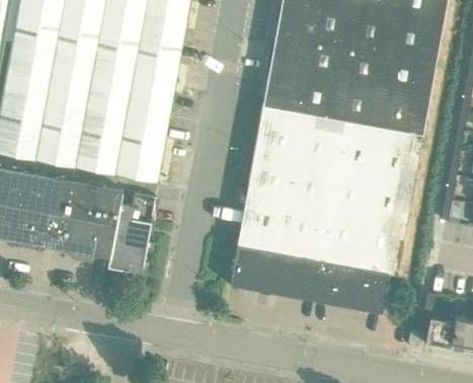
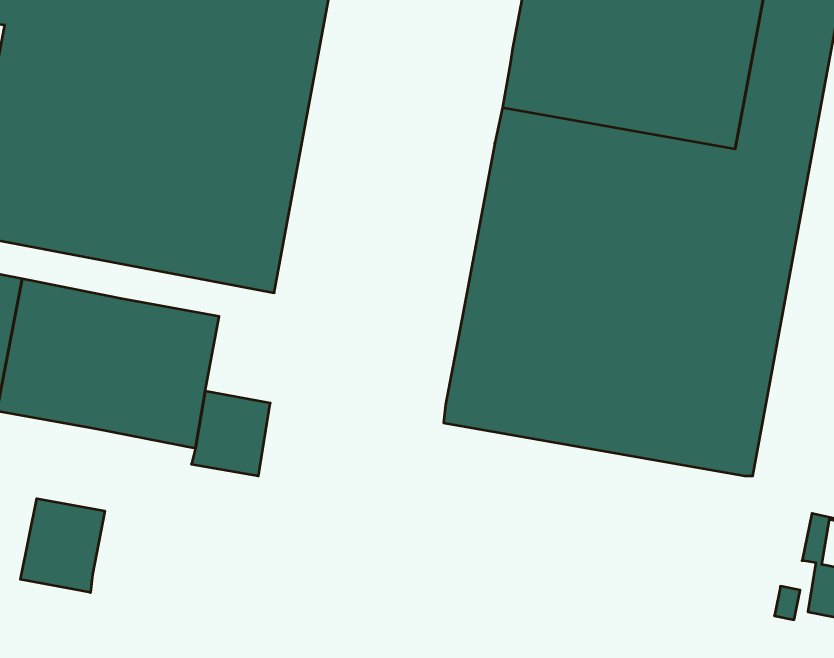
building: [115,192,156,236] -> none
building: [231,246,393,312] -> none
building: none -> [20,499,105,593]

